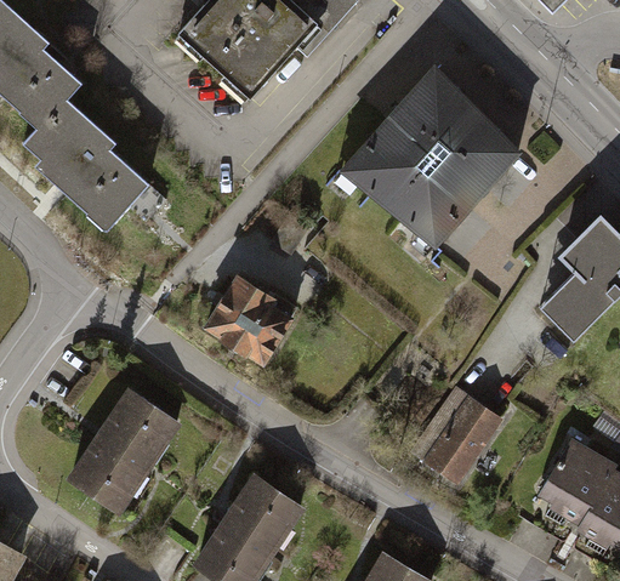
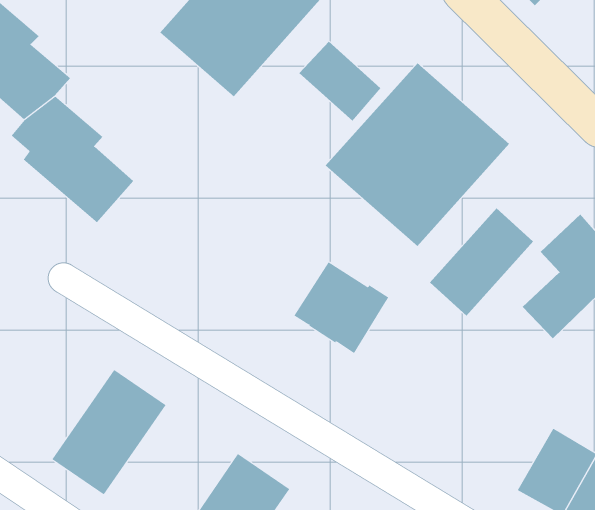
building: none -> [298,41,381,121]
building: none -> [429,207,534,317]
building: [201,267,298,360] -> [293,262,389,354]
building: [410,398,504,486] -> none

